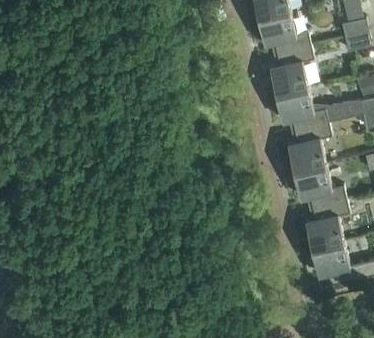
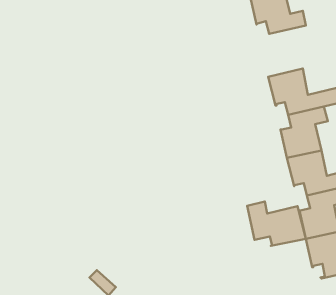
building: [270,49,315,98] -> none
building: none -> [247,202,306,246]

